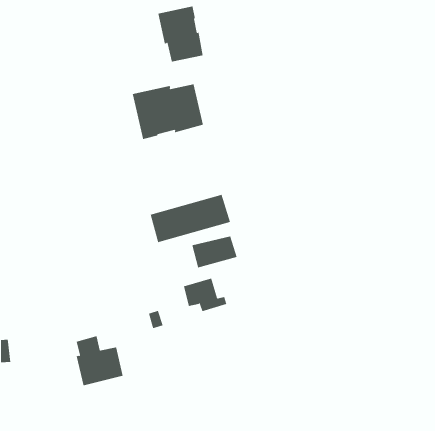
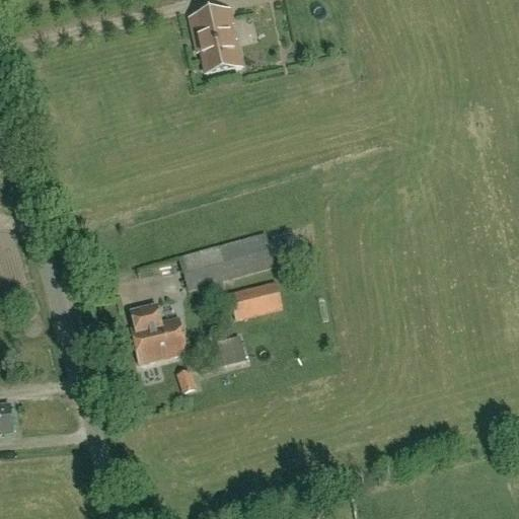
building: [132,84,203,140] -> none
building: [76,336,124,386] -> [131,303,188,363]

